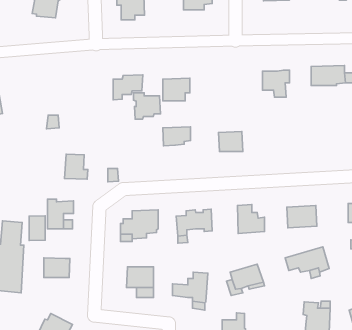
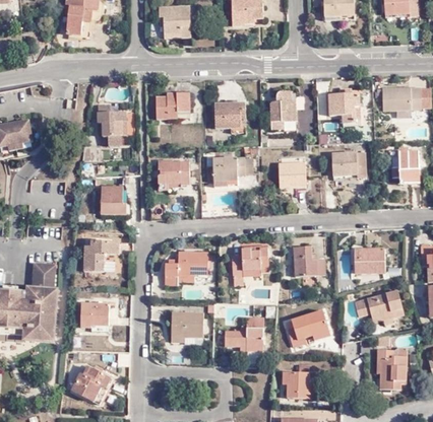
building: none -> [267,91,297,131]
building: none -> [95,113,124,146]
building: [134,93,161,119] -> [158,159,188,189]
building: none -> [392,146,419,183]
building: none -> [329,153,364,178]
building: [29,216,45,241] -> none

